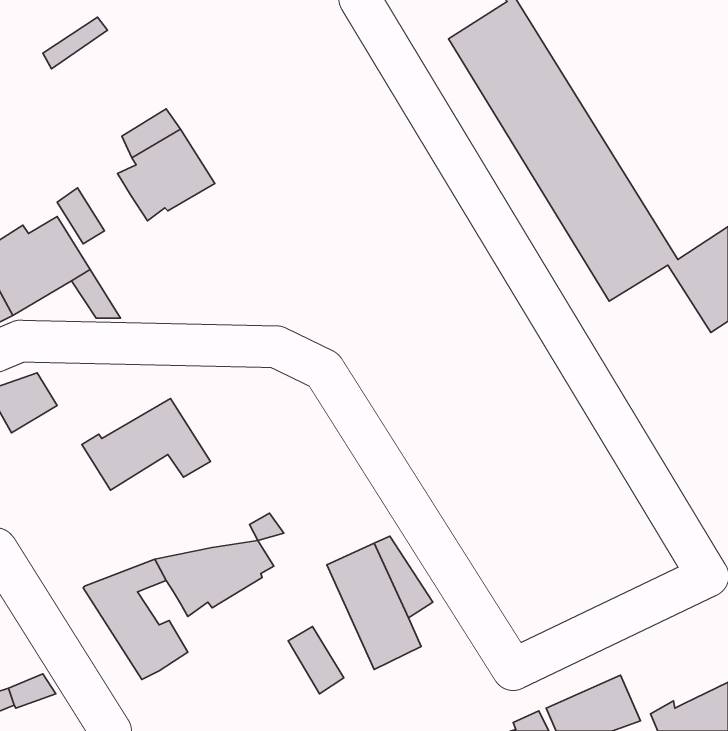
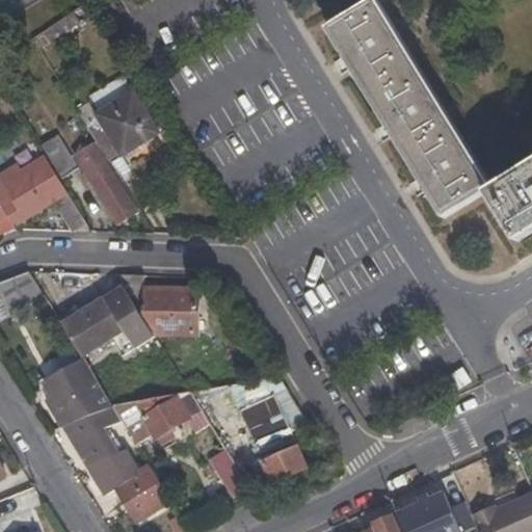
building: none -> [73,141,138,229]
building: none -> [116,276,194,335]
building: none -> [43,358,112,425]
building: none -> [115,466,170,522]

